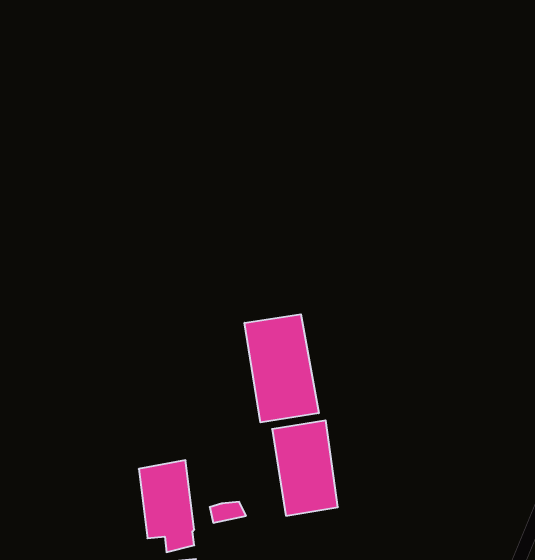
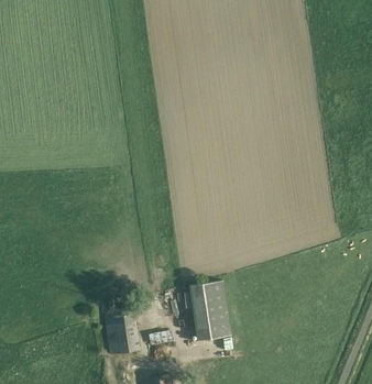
building: [245,314,319,422] -> none

